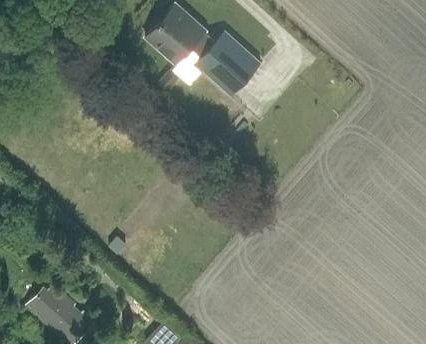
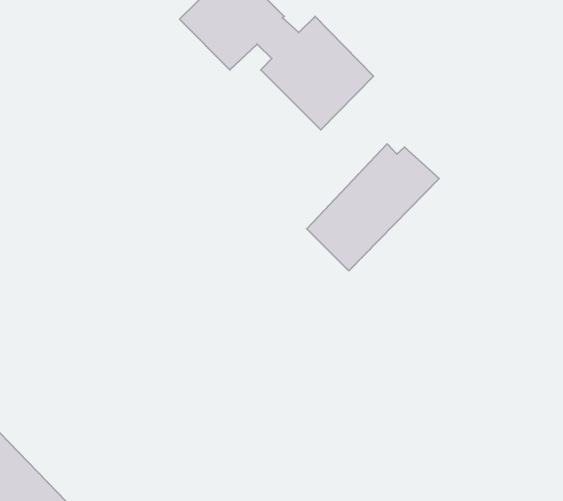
building: none -> [307,144,439,271]

